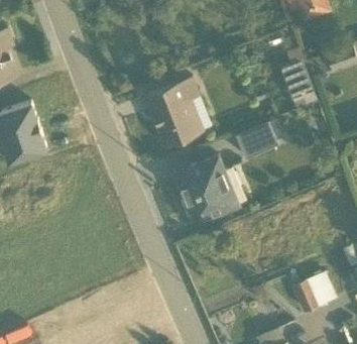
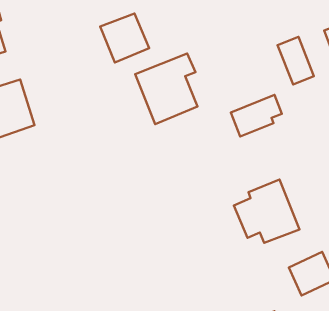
building: none -> [100,14,149,63]
building: [176,155,240,217] -> [234,180,299,243]

